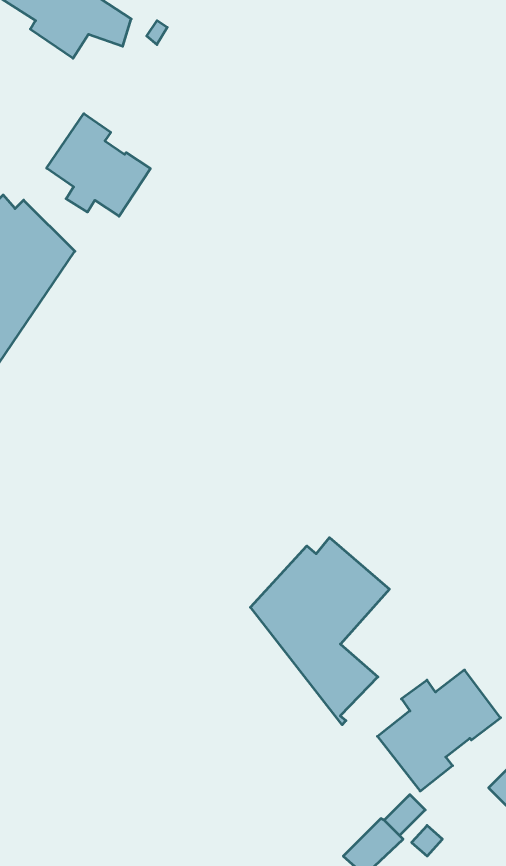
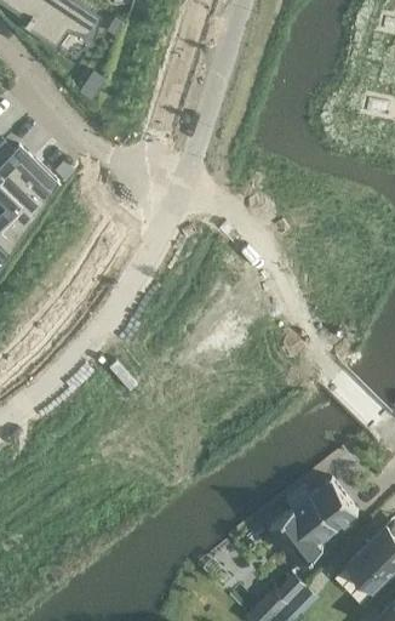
building: [47,114,150,216] -> none
building: [250,538,389,725] -> none

